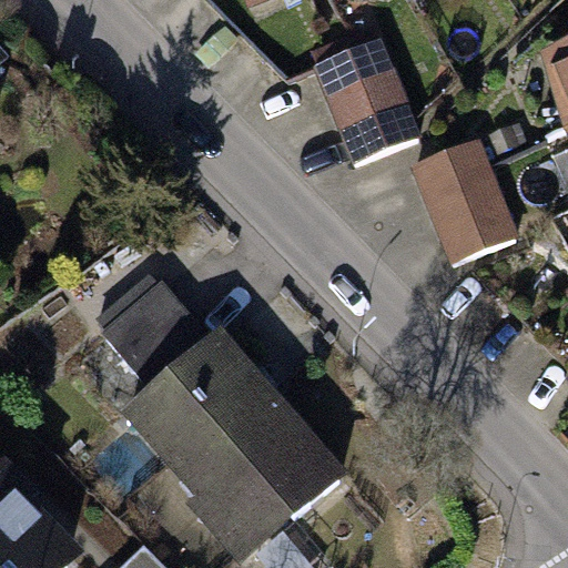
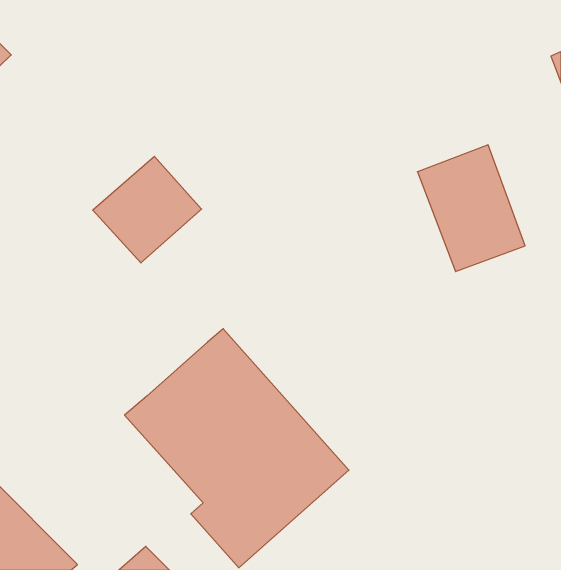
building: [307,37,419,169] -> none
building: [98,286,205,392] -> [93,156,202,263]

